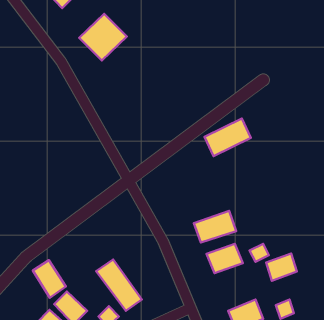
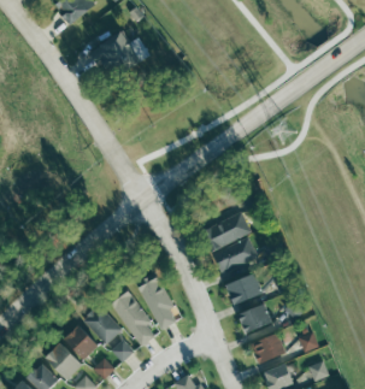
building: [204,119,251,156] -> [201,212,251,252]
building: none -> [139,276,179,329]
building: [266,253,297,281] -> [240,303,272,332]
building: [33,260,66,298] -> [84,305,119,344]

